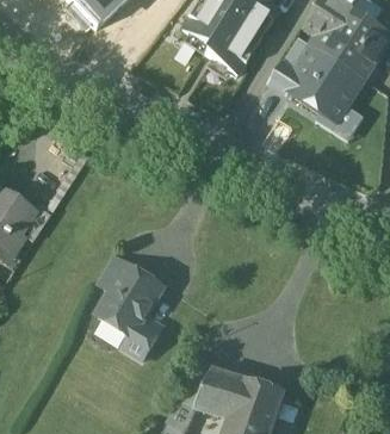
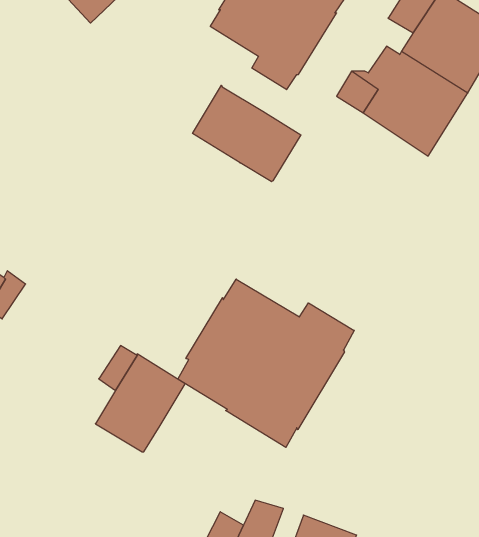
building: none -> [193,85,301,182]
building: none -> [178,279,354,447]
building: [124,316,163,359] -> none

